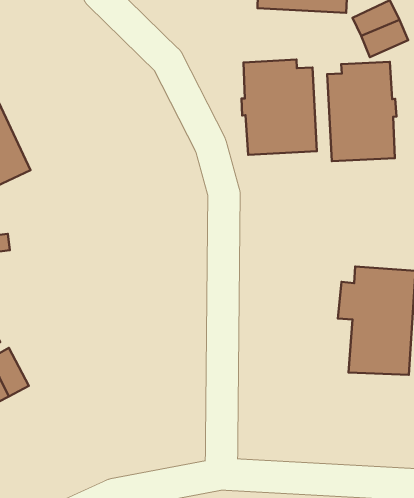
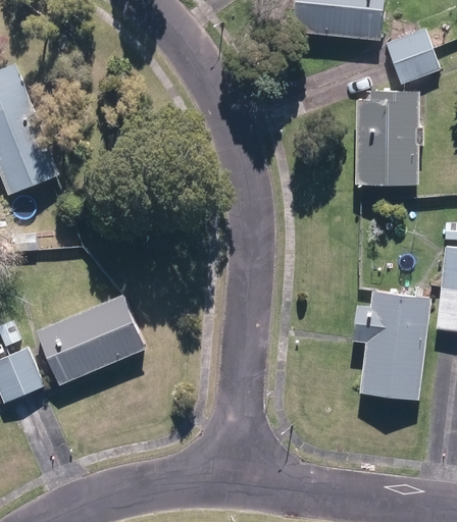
building: [242,59,317,155] -> none
building: none -> [36,294,146,385]

